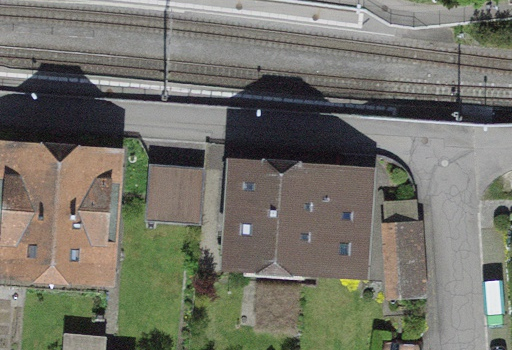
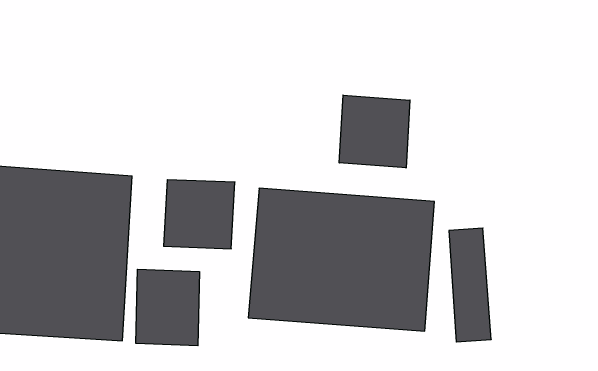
building: none -> [339,95,410,168]
building: none -> [136,269,199,346]

